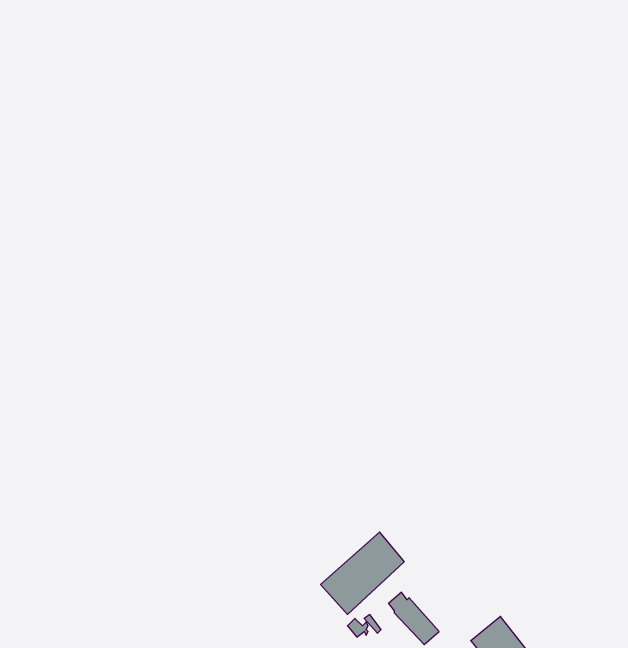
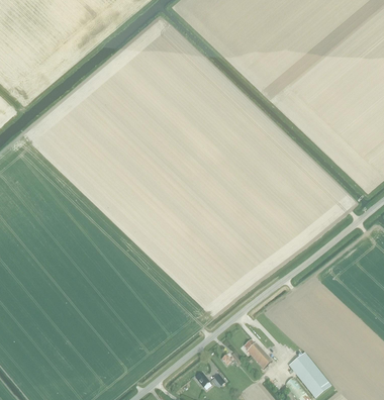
building: [321,532,404,614] -> none

